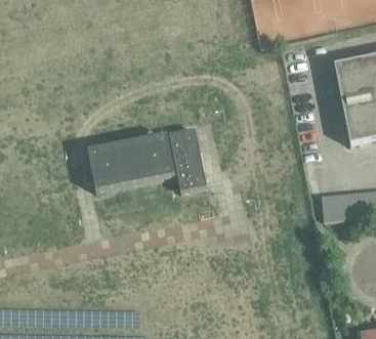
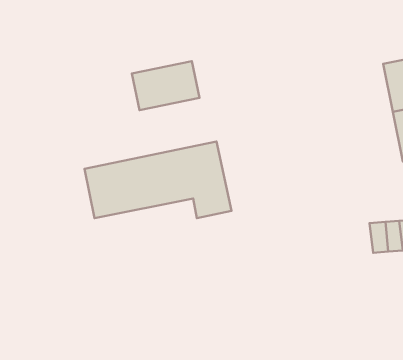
building: none -> [132,61,200,110]

